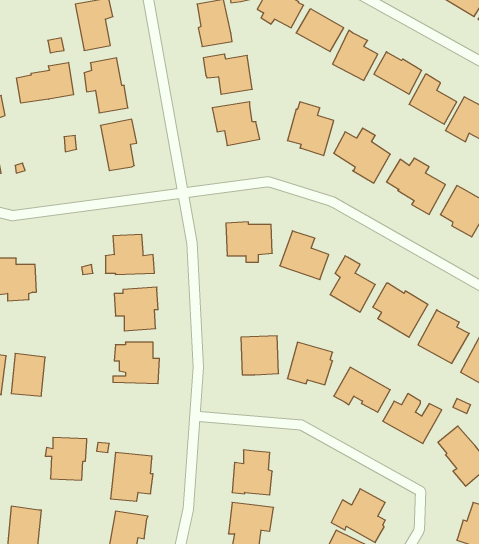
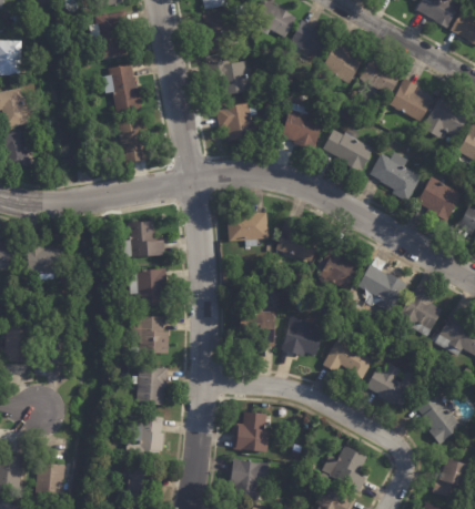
building: [17,62,74,103] -> none
building: [45,437,87,480] -> [131,366,168,404]

